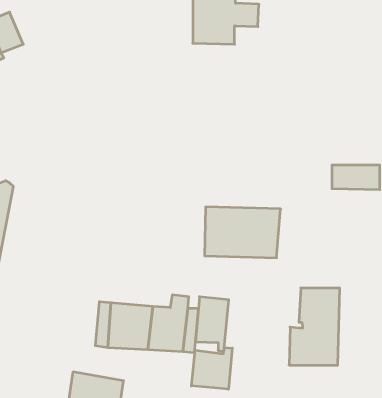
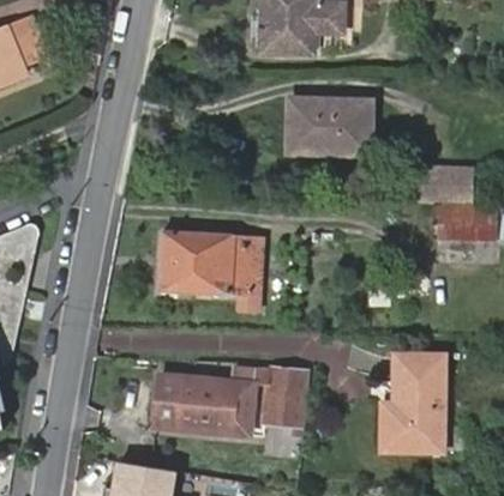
building: none -> [292,99,371,152]
building: none -> [416,169,470,202]
building: [205,207,281,258] -> [158,231,252,294]
building: [191,348,232,389] -> none

